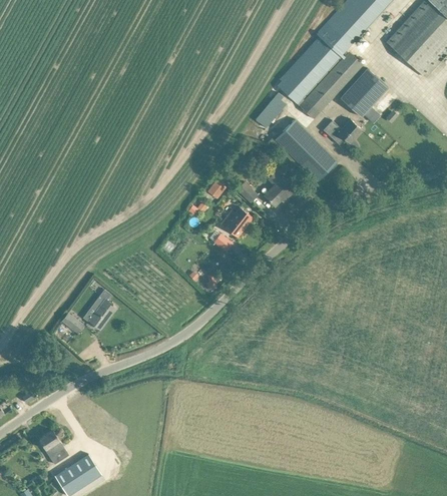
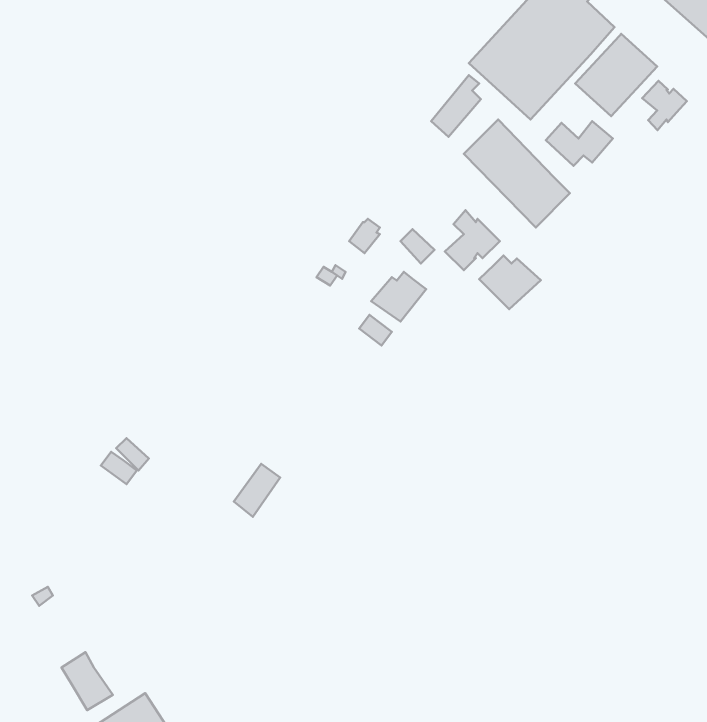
building: none -> [642,81,687,130]
building: none -> [479,255,541,309]
building: [88,299,115,330] -> [234,464,280,517]

